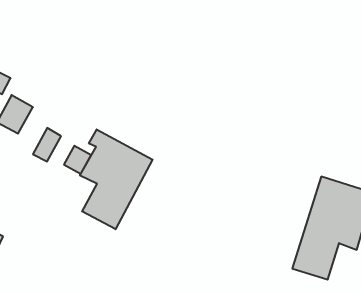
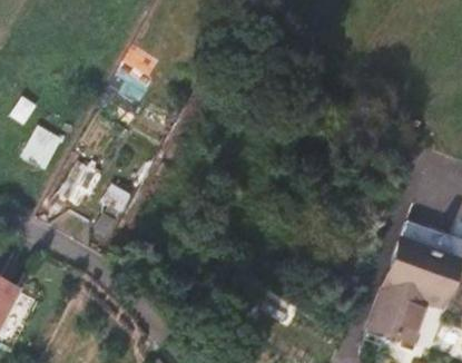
building: [80,129,153,229] -> none

